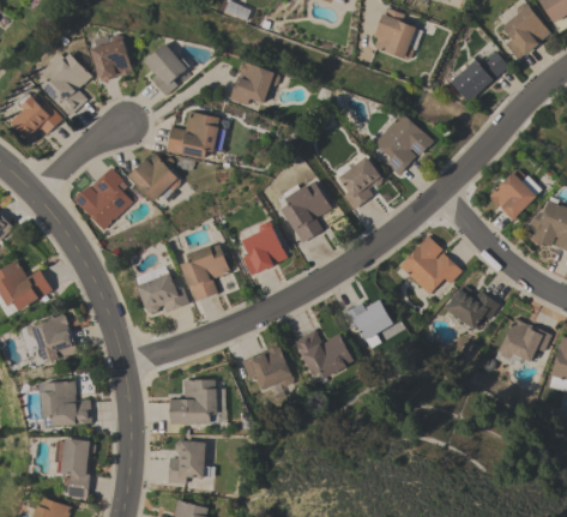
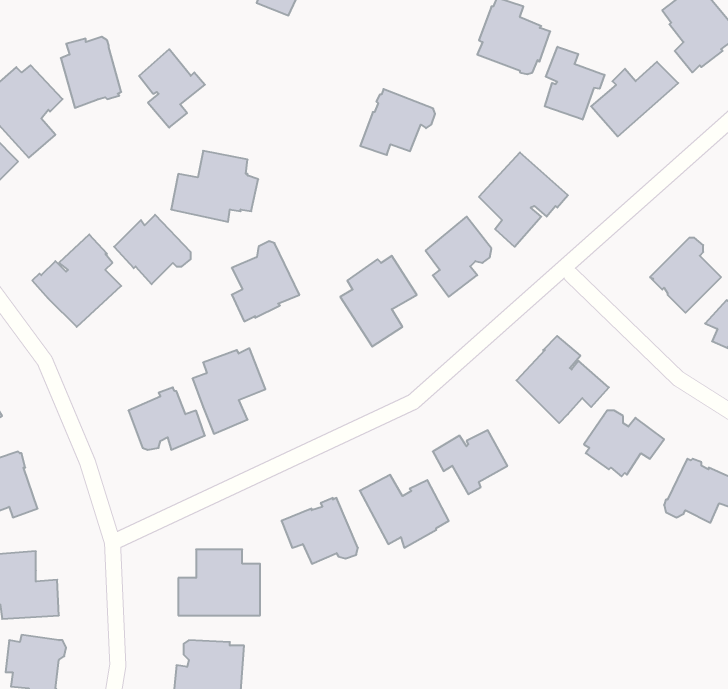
building: none -> [545,47,605,120]
building: [229,60,279,104] -> [360,89,435,155]
building: [242,221,288,275] -> [232,241,299,321]

